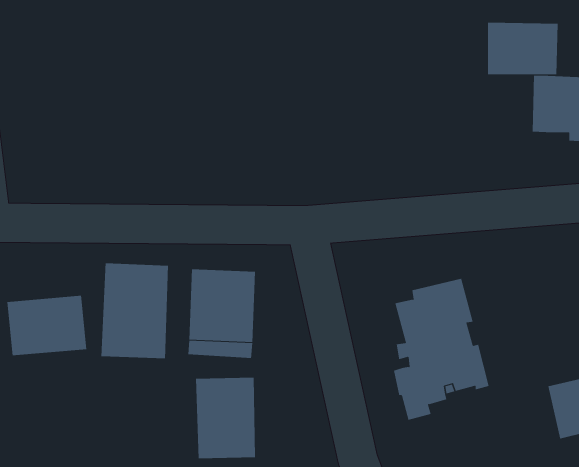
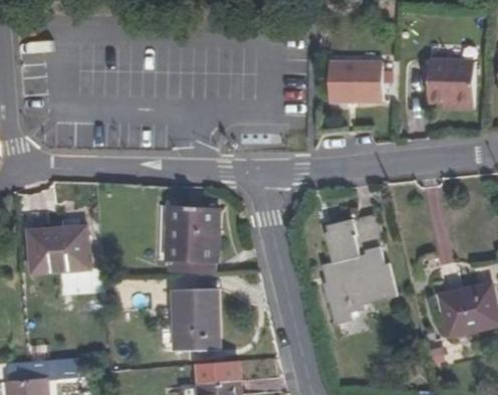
building: [487,22,559,75] -> [328,61,383,102]
building: [101,263,168,359] -> none

